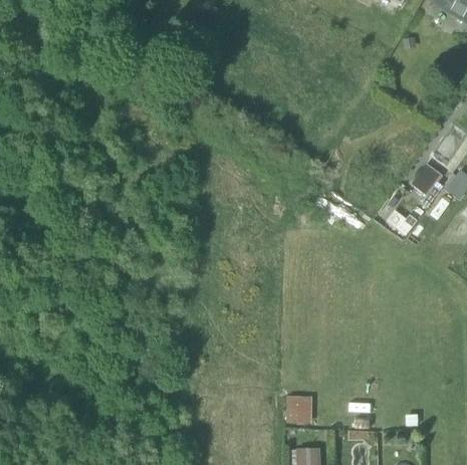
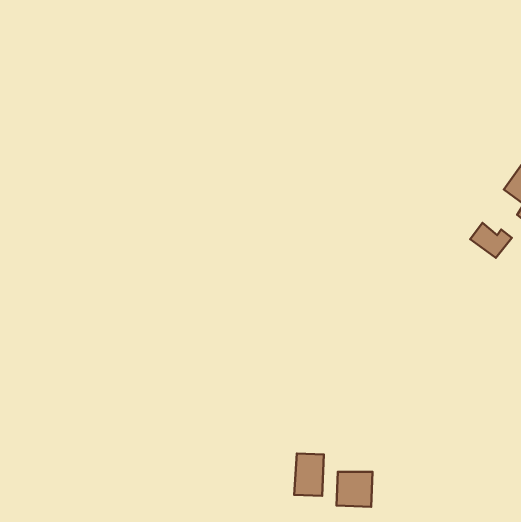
building: none -> [294,454,324,496]

